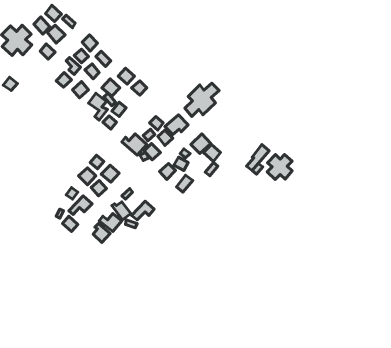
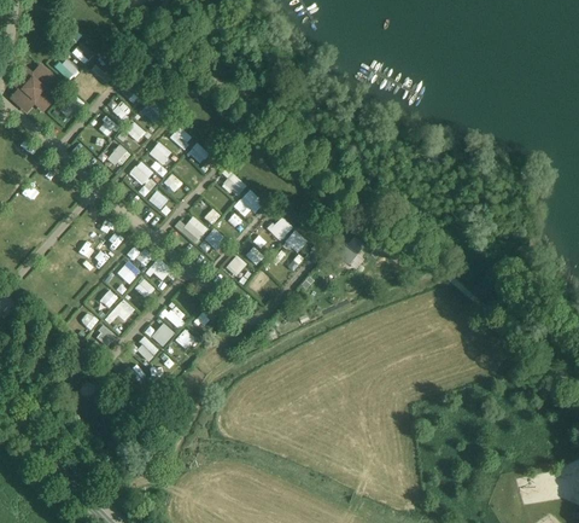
building: [185,83,219,116] -> none
building: [267,154,292,179] -> none

